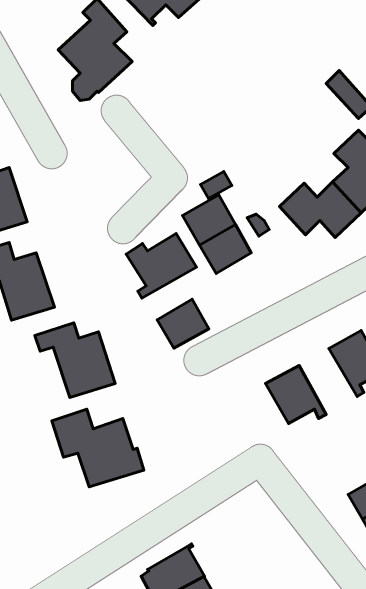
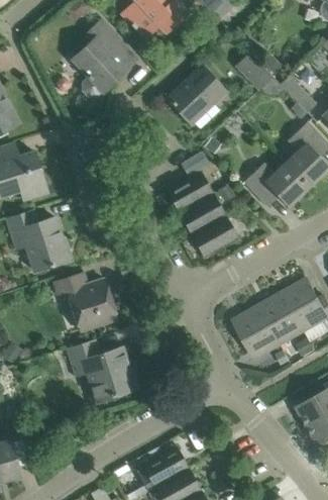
building: none -> [235,53,271,91]
building: none -> [167,66,225,123]
building: [126,234,196,298] -> none
building: [157,299,209,348] -> [195,217,235,256]
building: none -> [259,292,305,343]

